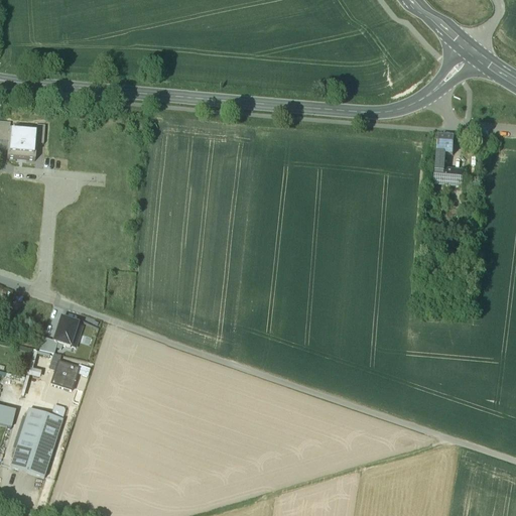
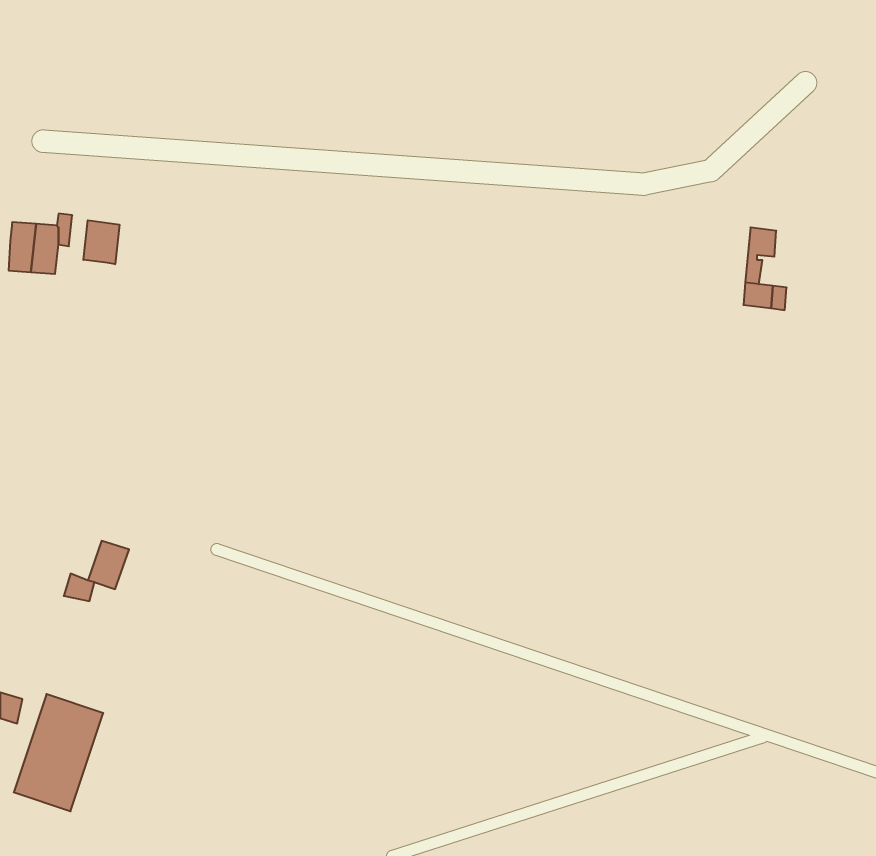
building: none -> [83,220,119,264]
building: [52,358,78,386] -> none

